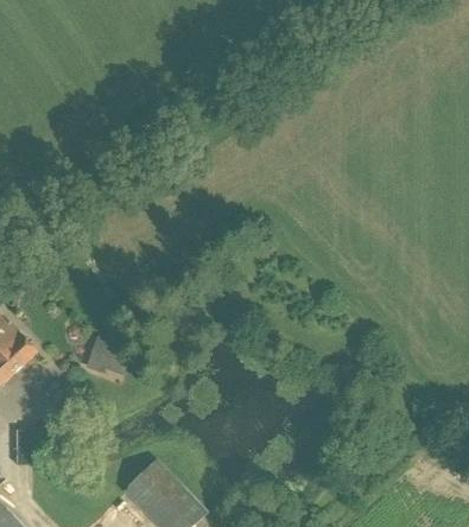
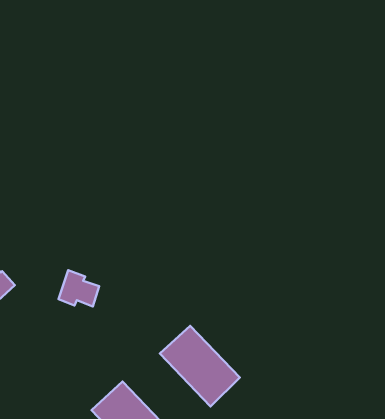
building: none -> [160,326,240,407]

